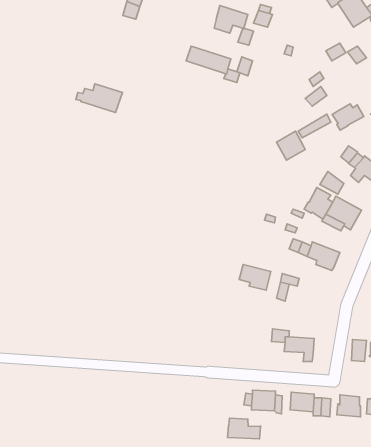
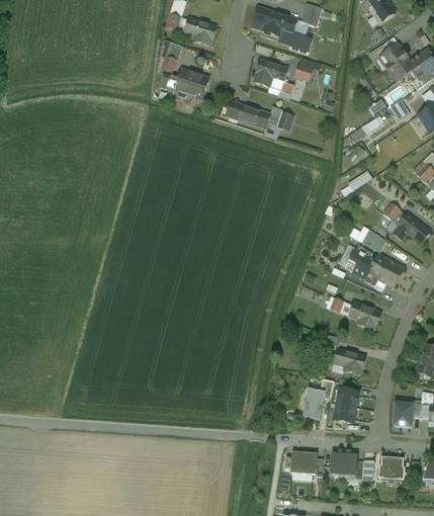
building: [76,84,122,112] -> [161,69,208,98]
building: [332,104,364,130] -> none
building: [277,131,305,160] -> none
building: [239,265,271,290] -> [333,348,365,374]
building: [228,418,261,439] -> none

